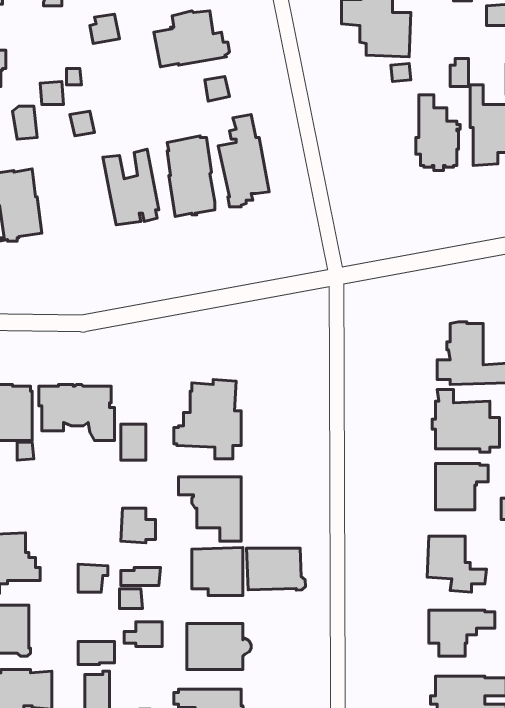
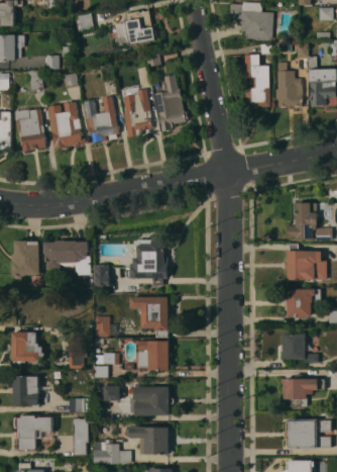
building: none -> [244,55,269,107]
building: none -> [48,101,88,149]
building: [246,548,305,590] -> none

